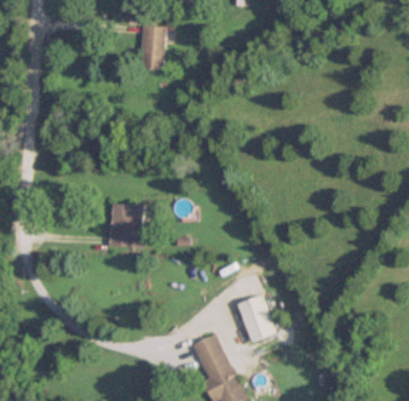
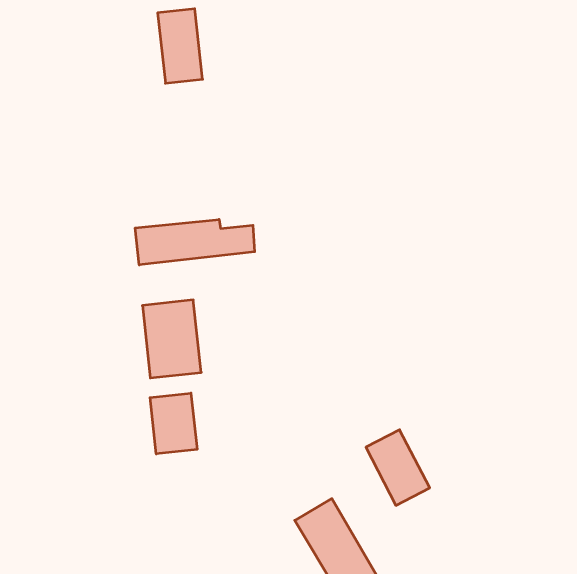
building: none -> [135,219,255,265]
building: none -> [150,393,197,454]

